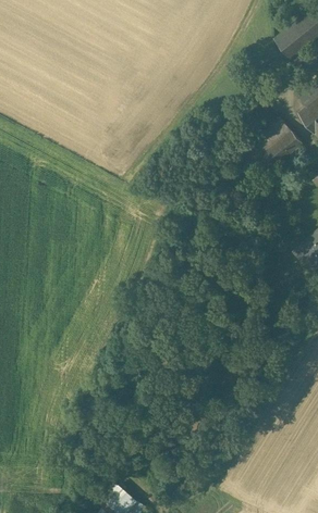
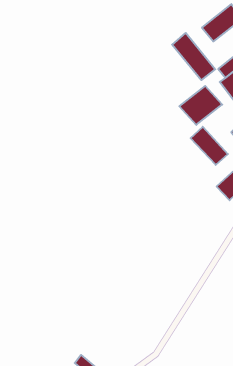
building: none -> [172,33,215,80]
building: none -> [191,127,228,165]

